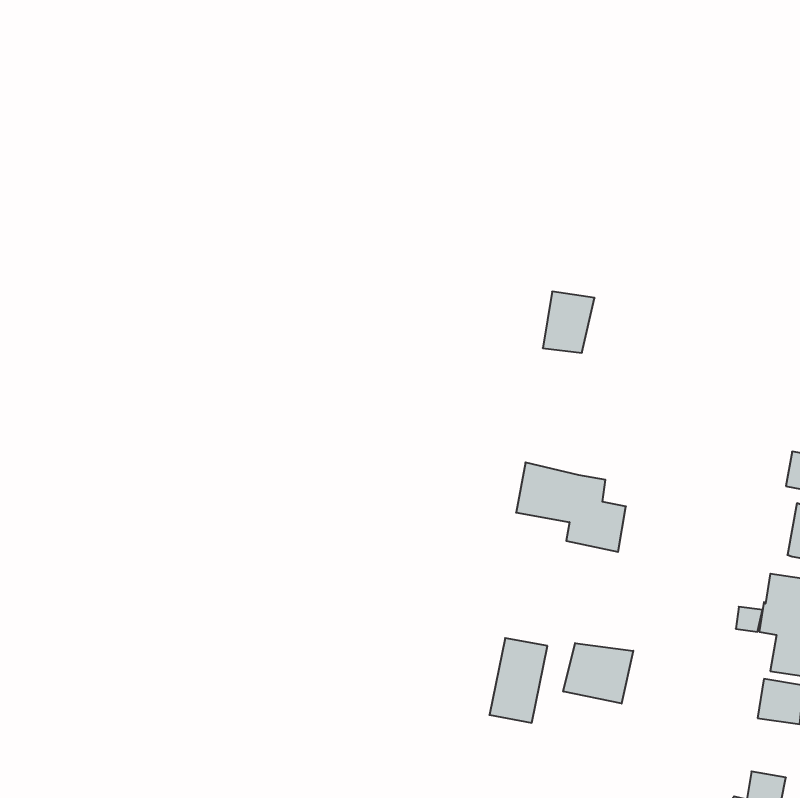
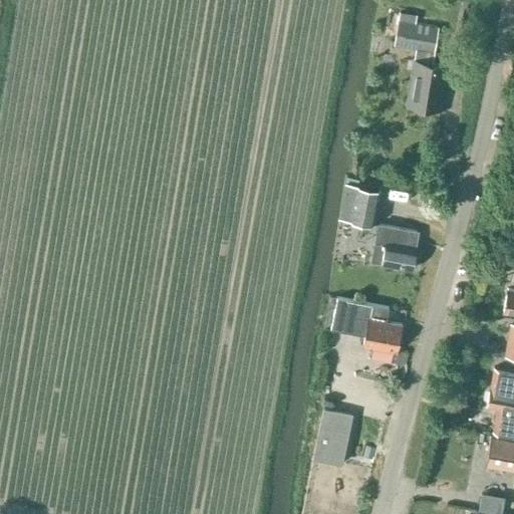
building: none -> [395,15,447,106]
building: none -> [370,224,420,271]
building: [563,643,633,704] -> none

